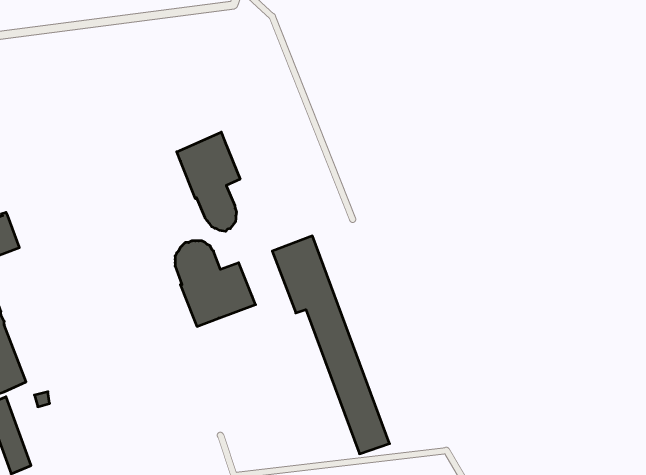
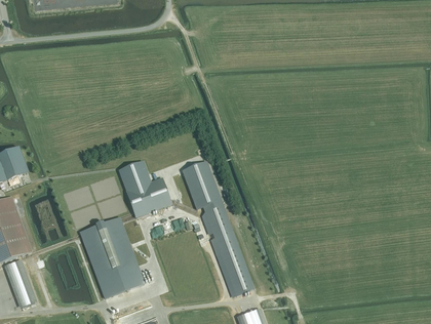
building: [177,132,240,231] -> none
building: none -> [80,217,144,298]

